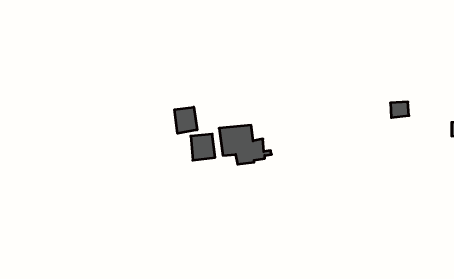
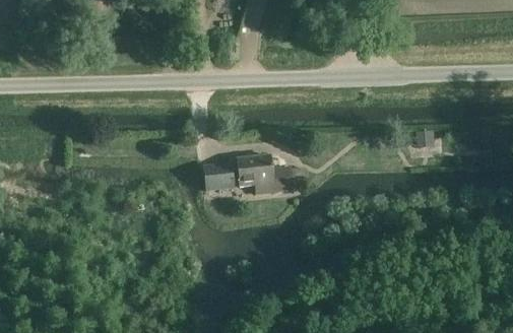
building: [175,107,197,133] -> none

